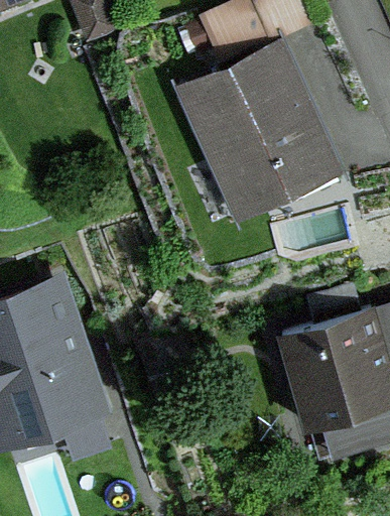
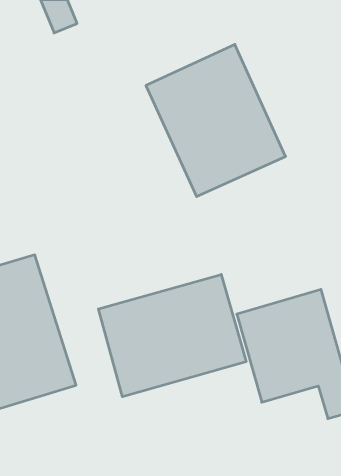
building: none -> [98,274,246,397]

